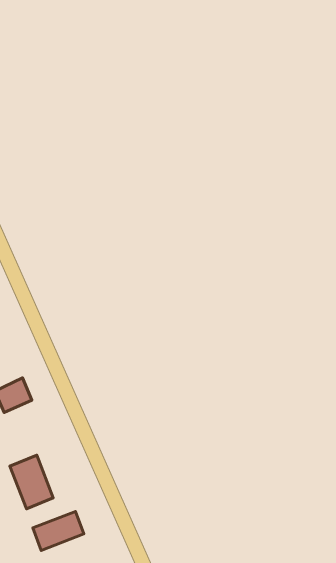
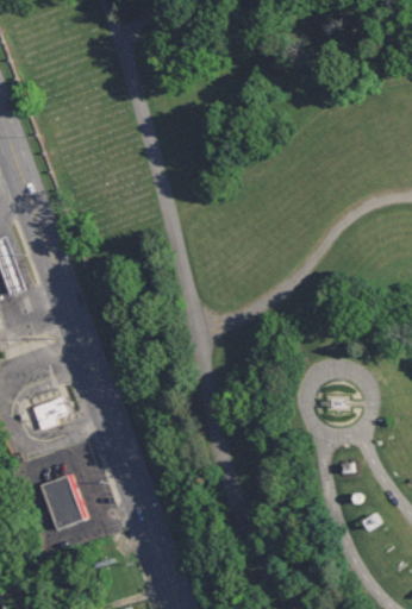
building: [33,511,84,550] -> none

